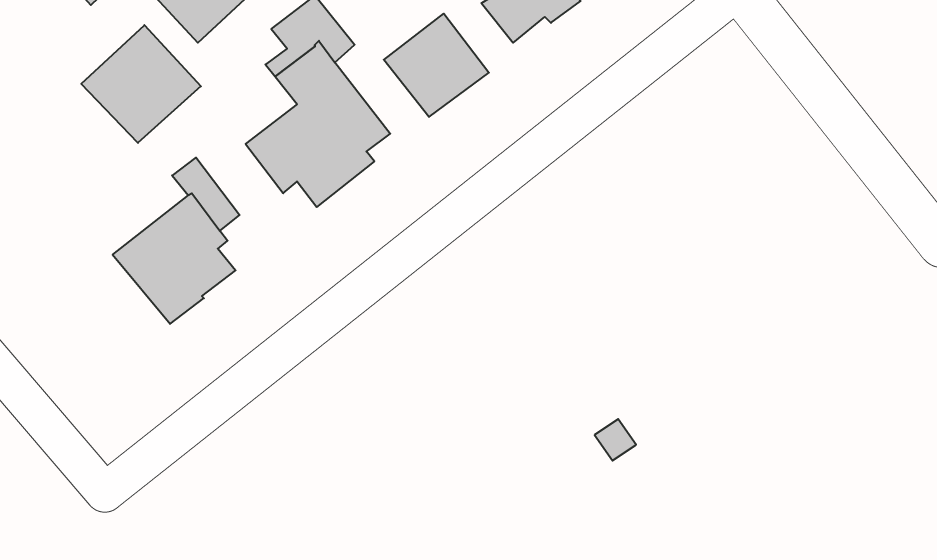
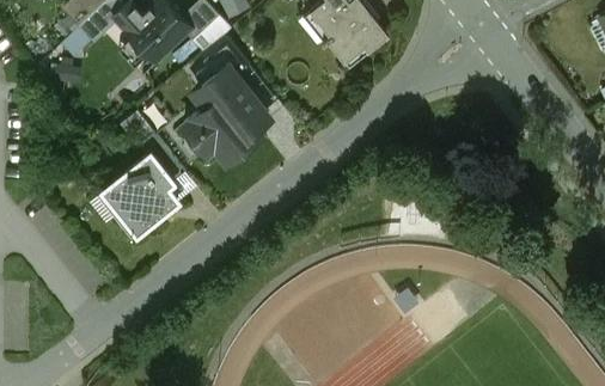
building: [384,14,489,117] -> none
building: [81,25,201,143] -> none

